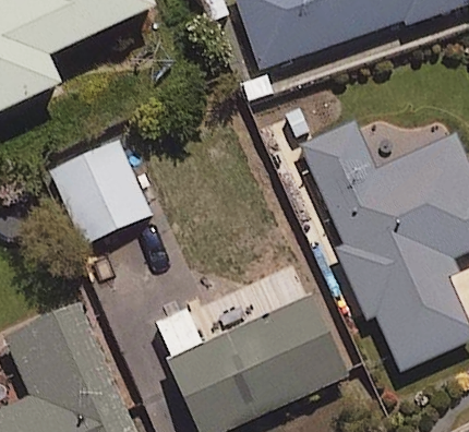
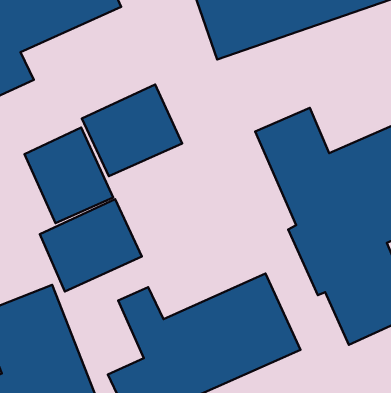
building: none -> [82,85,182,176]
building: none -> [40,199,142,292]

